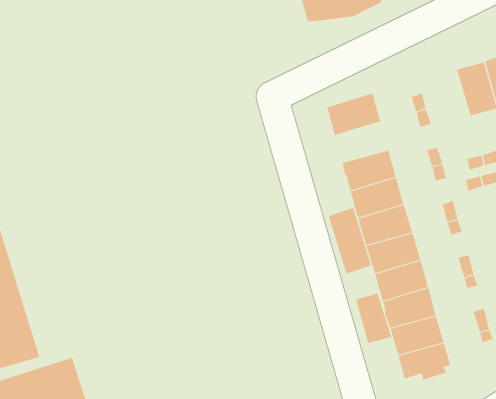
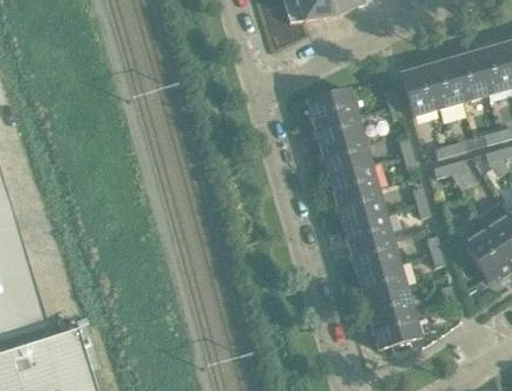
building: none -> [401,65,439,115]
building: none -> [314,113,364,150]
building: [328,207,372,274] -> none
building: [355,292,392,344] -> none

